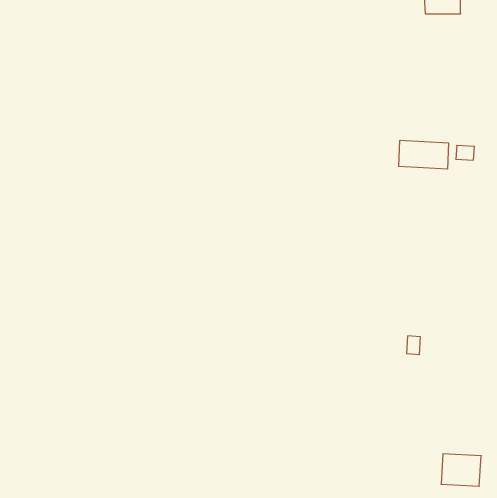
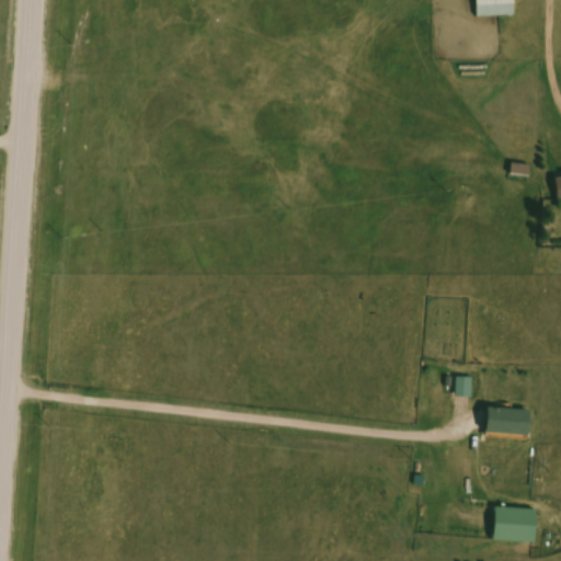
building: [399,140,449,169] -> none
building: none -> [489,408,529,433]

